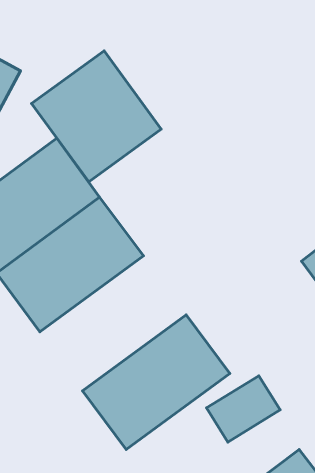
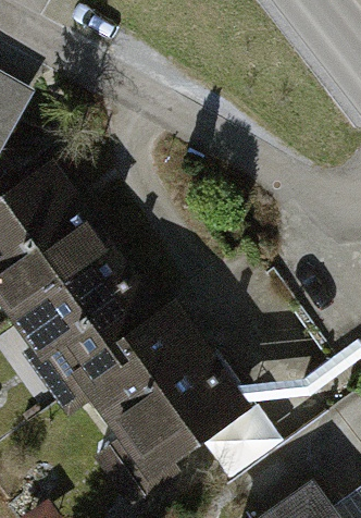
building: [32,51,161,182] -> none
building: none -> [43,282,192,419]

